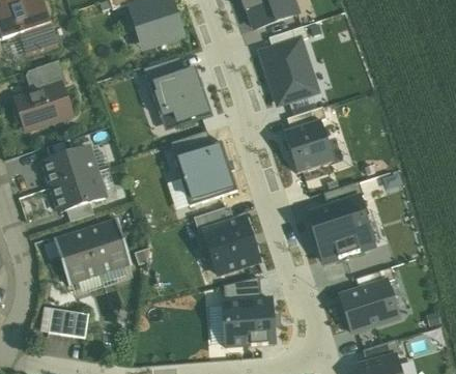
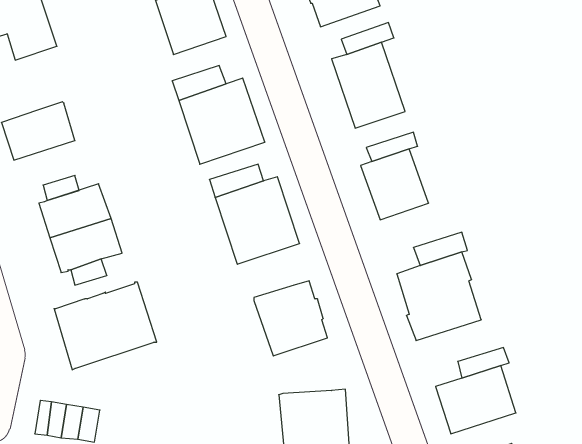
building: [34,59,65,90] -> none
building: [194,205,233,233] -> none
building: [224,278,261,301] -> none

